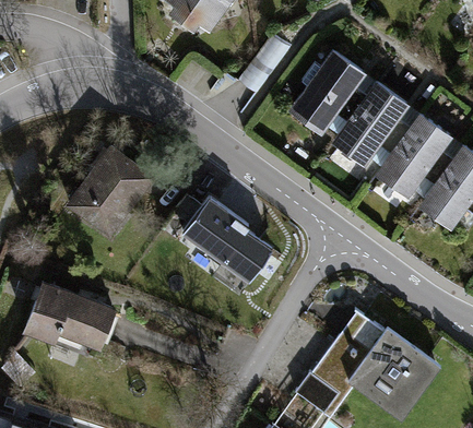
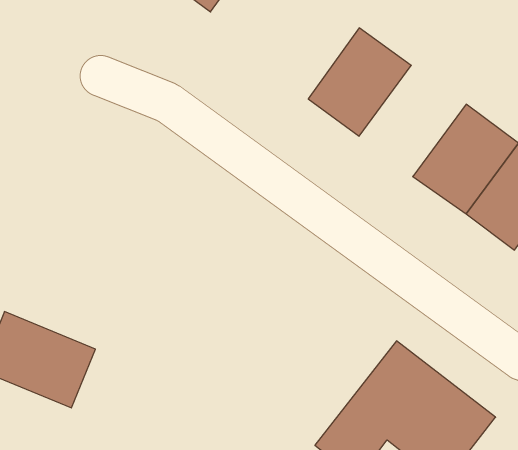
building: [330,80,417,170] -> none
building: [70,144,156,234] -> none
building: [164,191,265,295] -> none

